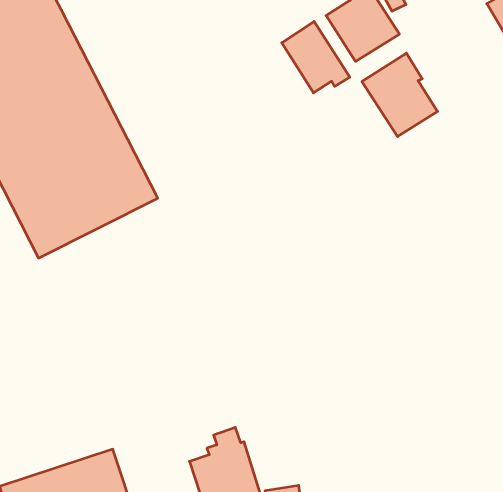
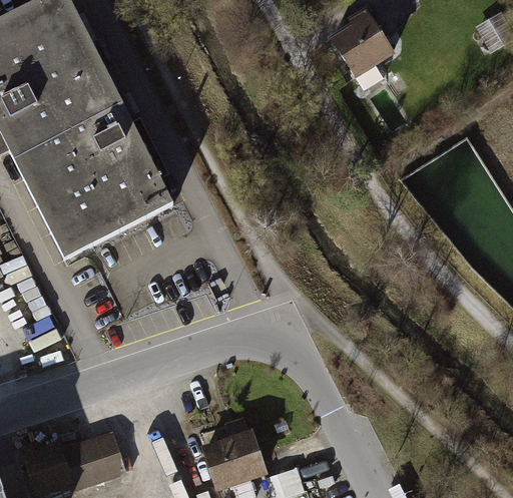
building: [282,21,350,93] -> none
building: [362,53,438,137] -> none

